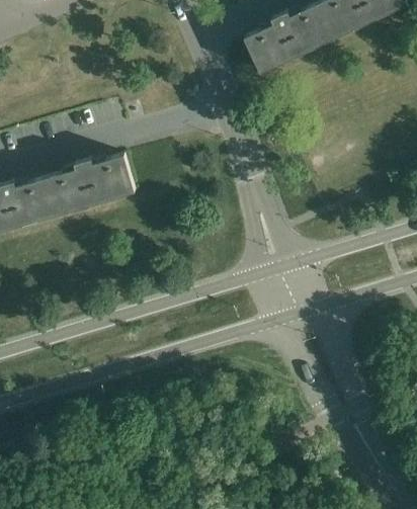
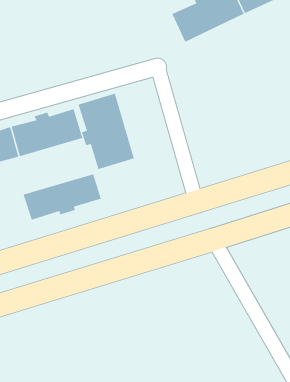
building: none -> [78,93,135,170]
building: none -> [23,173,101,220]

